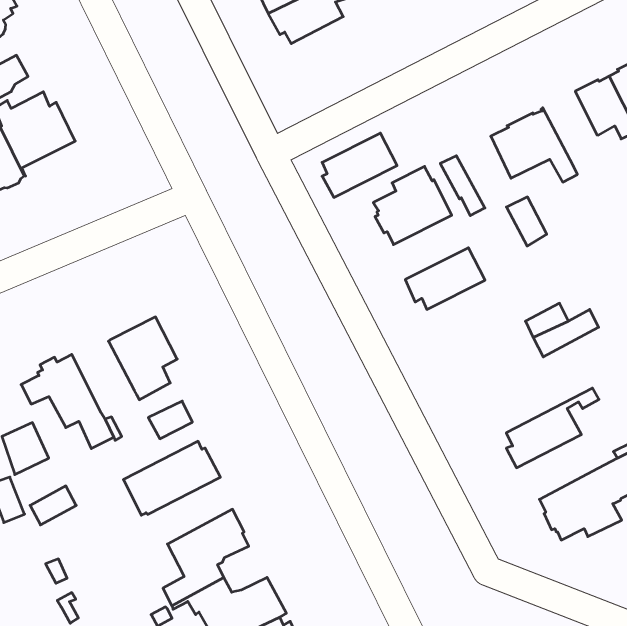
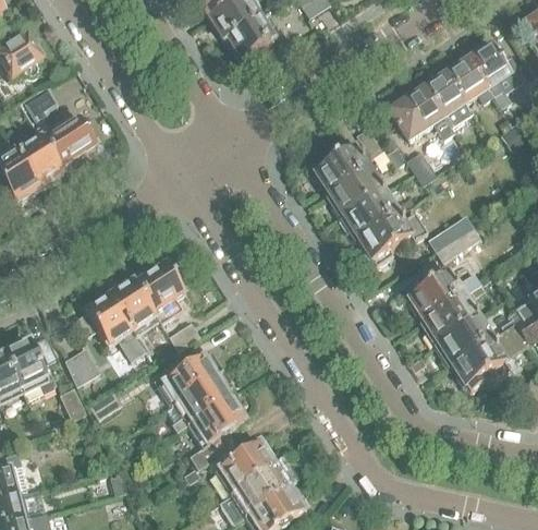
building: none -> [424,71,472,124]
building: [322,133,397,197] -> [328,168,381,217]
building: none -> [356,212,425,264]
building: none -> [108,277,157,334]
building: none -> [405,269,479,318]
building: none -> [431,314,489,363]
building: none -> [164,371,233,431]

